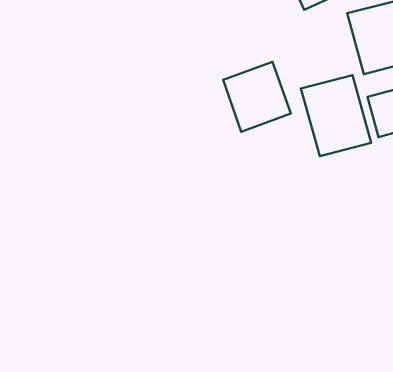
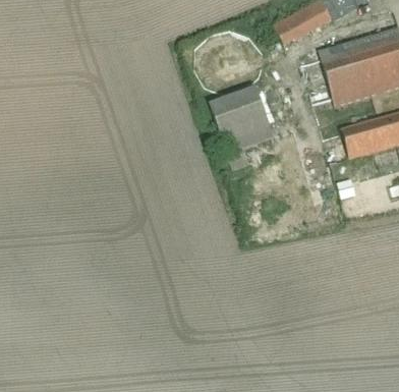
building: [301,75,371,156] -> none

